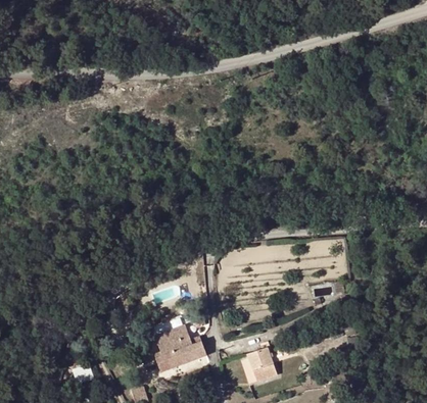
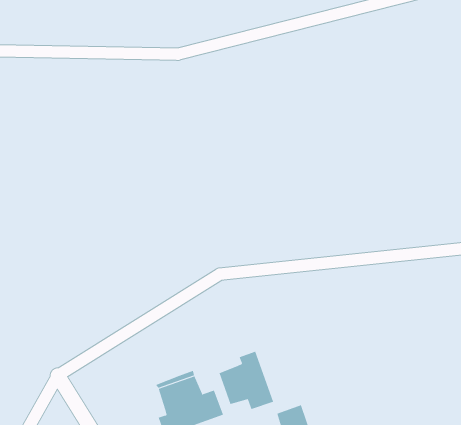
building: none -> [219,351,274,410]

